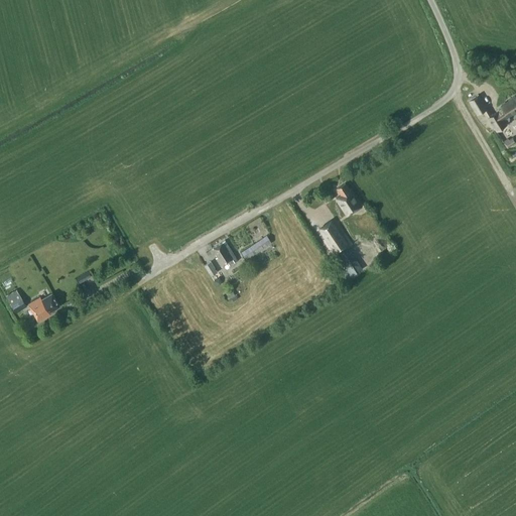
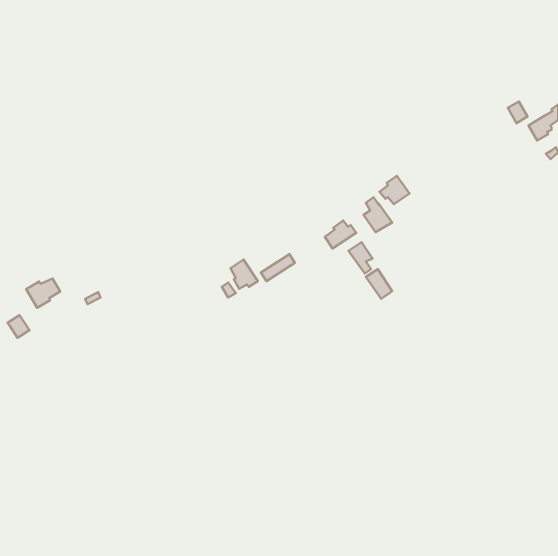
building: none -> [379,176,409,204]
building: none -> [325,220,356,248]
building: [28,294,59,321] -> [26,278,60,308]

